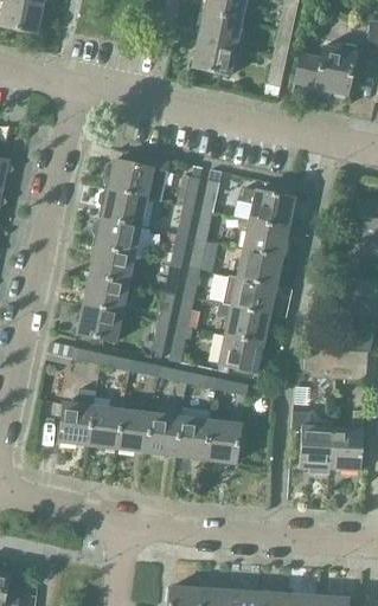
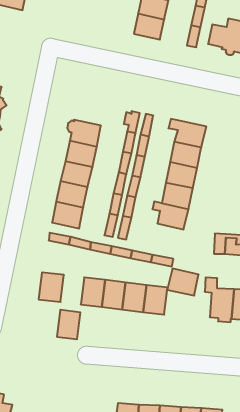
building: [104,152,169,200] -> none
building: [218,334,262,372] -> [167,269,199,296]
building: [89,406,122,447] -> [57,310,80,339]

